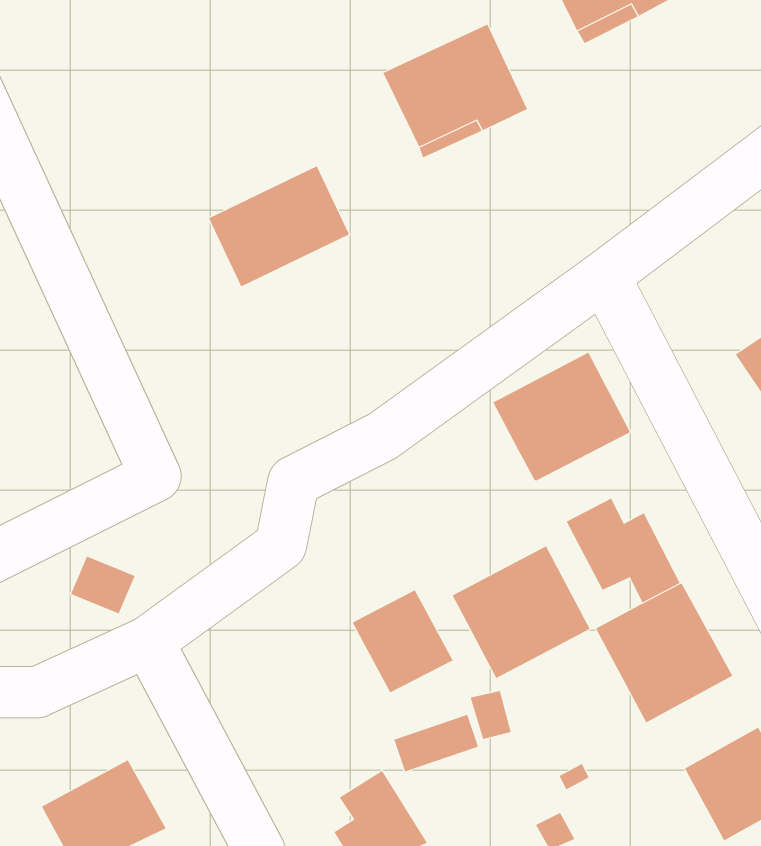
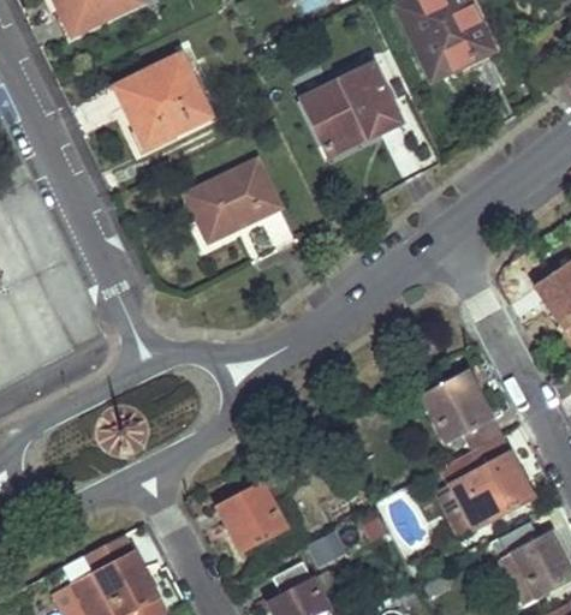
building: none -> [117,55,210,147]
building: [493,352,631,482] -> none
building: [452,546,591,679] -> none
building: [352,590,453,693] -> [218,484,285,553]

